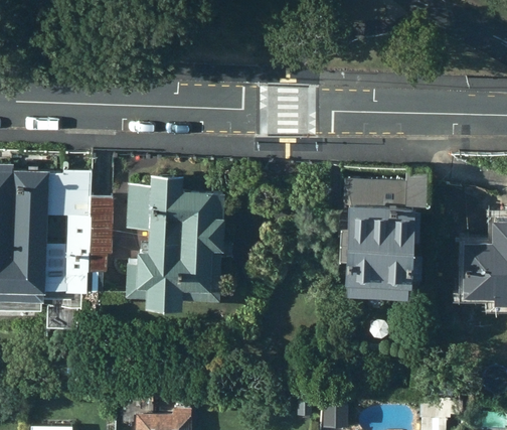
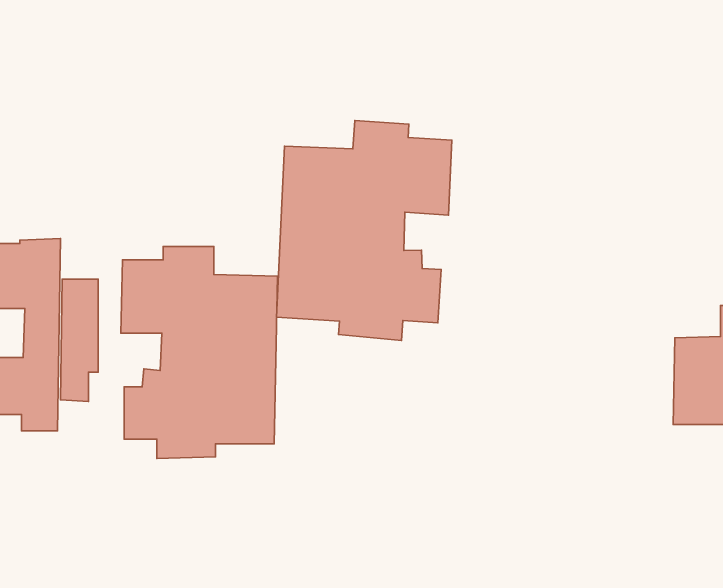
building: none -> [277,121,452,340]
building: [342,168,434,284] -> none

